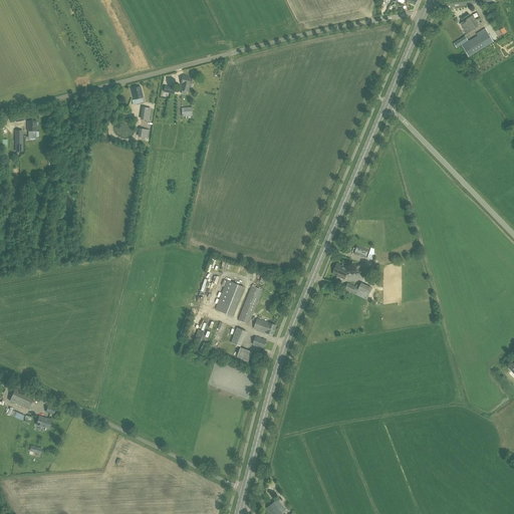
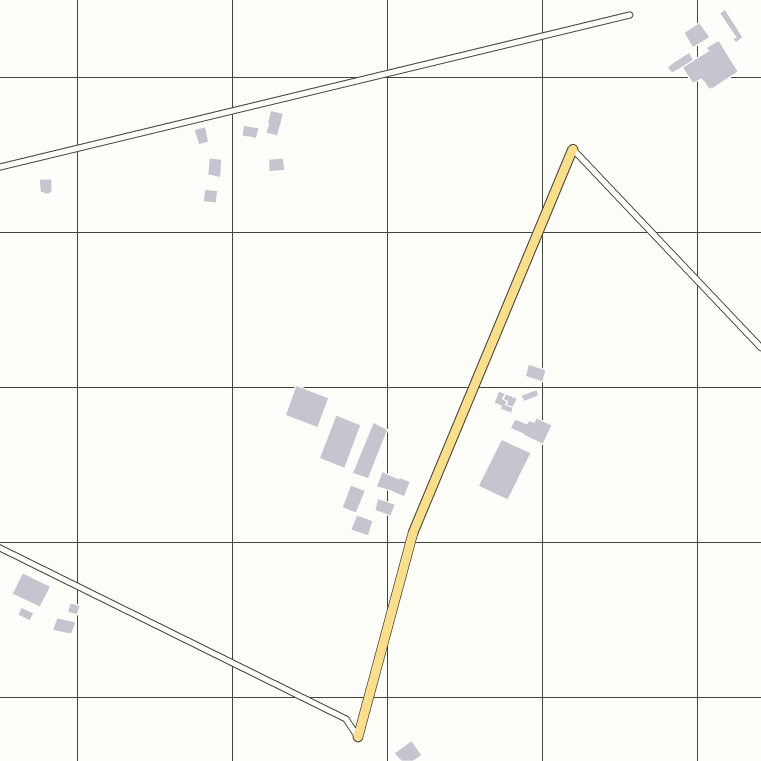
building: none -> [285,385,329,428]
building: none -> [478,439,531,500]

